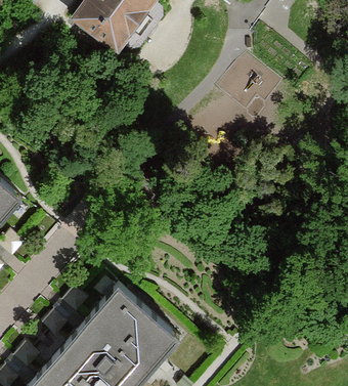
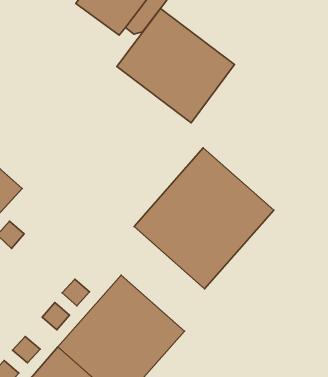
building: none -> [117,8,235,123]
building: none -> [134,148,274,289]

